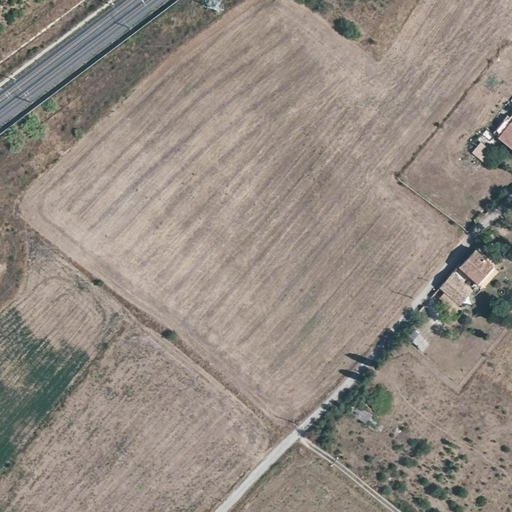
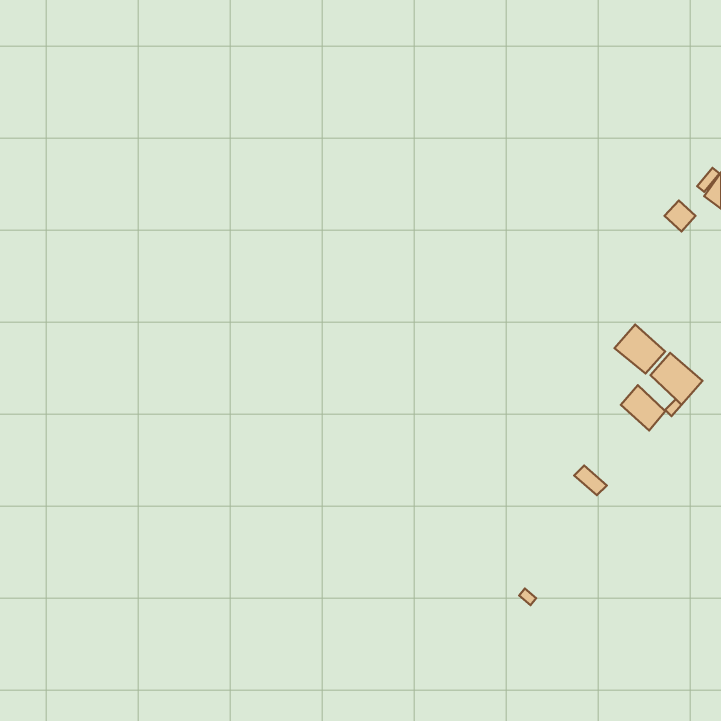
building: none -> [614,325,665,374]

